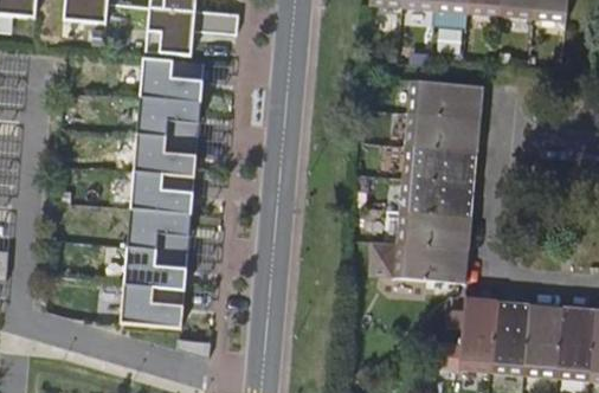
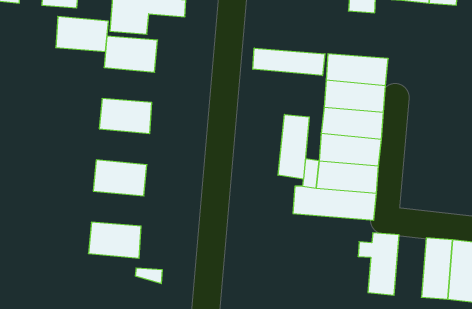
building: none -> [253,48,325,76]
building: [136,95,200,137] -> [56,16,108,51]
building: none -> [278,114,309,179]
building: [129,169,194,213] -> none
building: [123,245,187,288] -> none
building: [491,298,530,374] -> none

